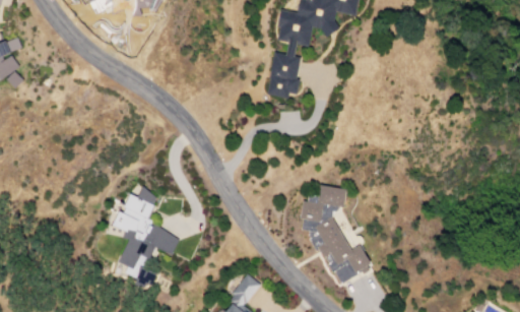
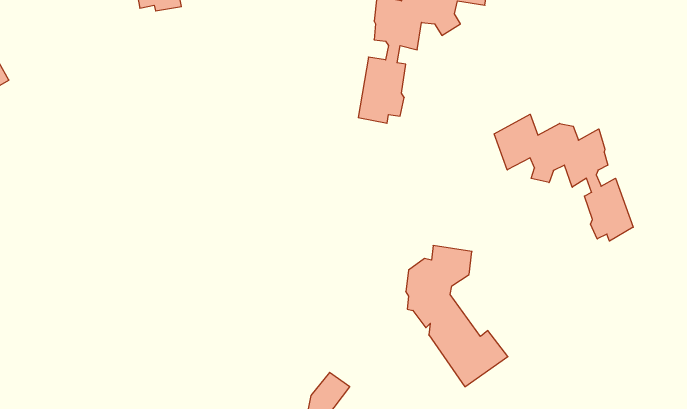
building: none -> [494,114,633,241]
building: [112,189,179,289] -> none

